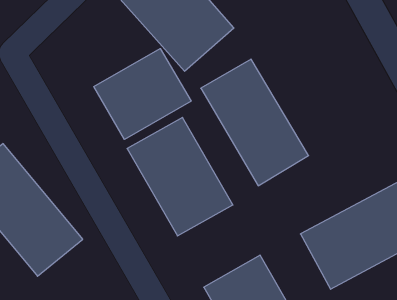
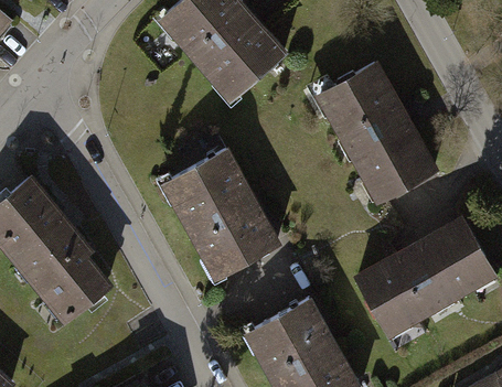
building: [94,49,191,139] -> none
building: [201,59,309,186] -> [317,66,435,205]

